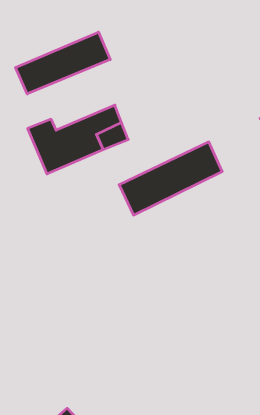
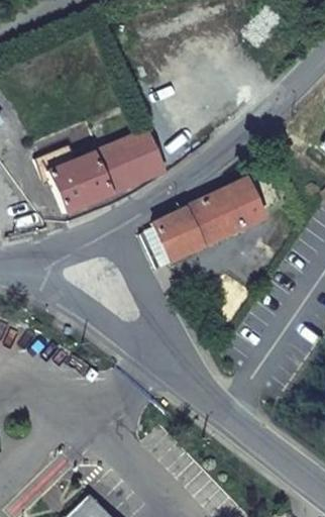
building: [16,32,110,94] -> none

